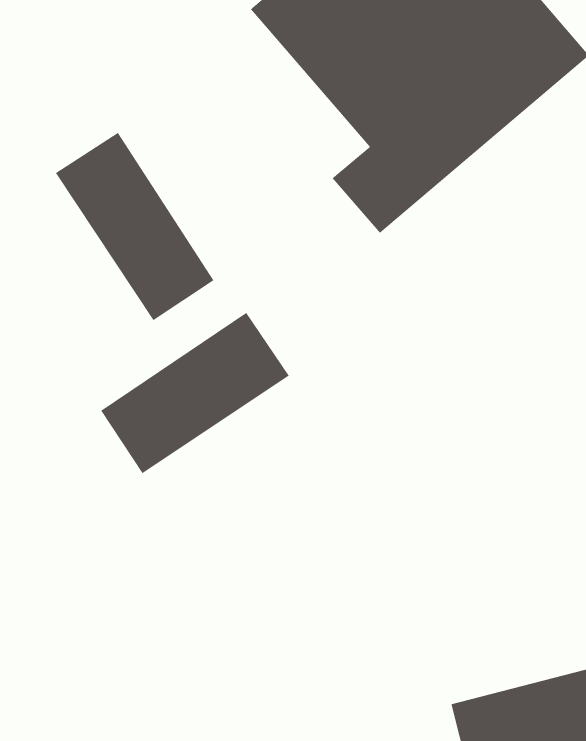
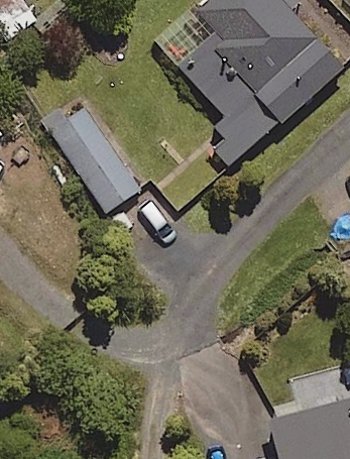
building: [100,312,290,474] -> none

